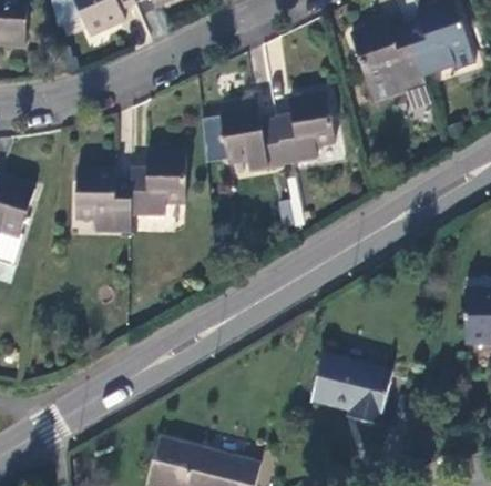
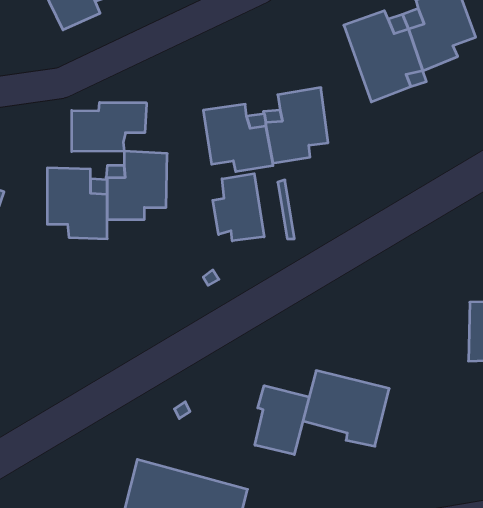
building: none -> [72,102,147,152]
building: none -> [213,174,264,241]
building: none -> [255,386,309,455]

